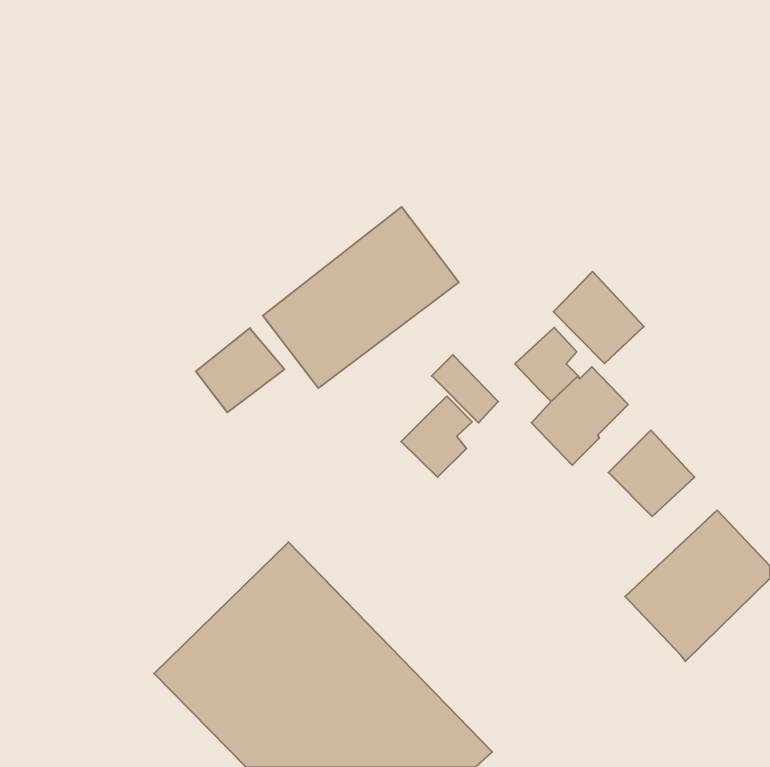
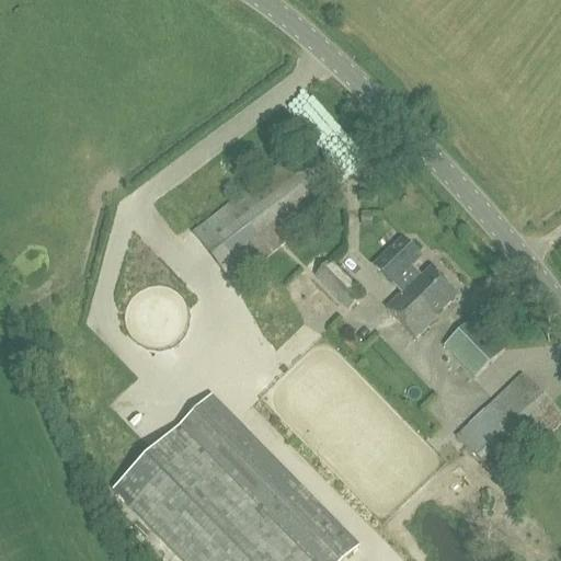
building: [553,272,644,363] -> none
building: [196,328,284,412] -> none
building: [401,396,472,477] -> none

